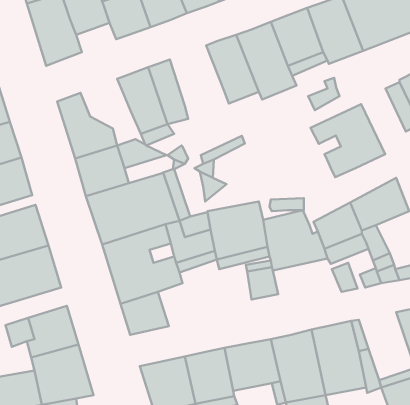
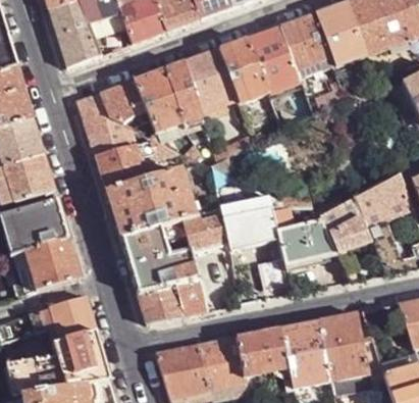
building: none -> [184,48,235,105]
building: none -> [99,80,147,123]
building: [311,104,385,177] -> none
building: none -> [172,273,206,314]

